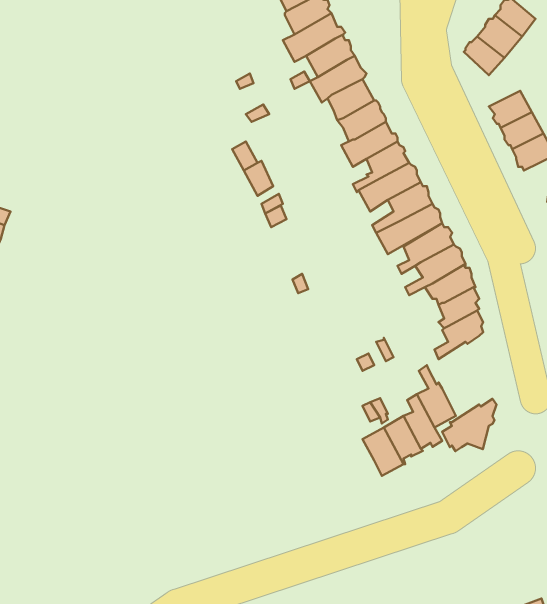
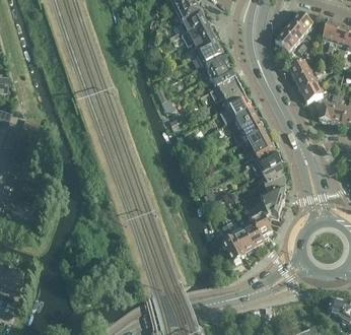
building: [442,399,497,451] -> [258,190,286,217]

